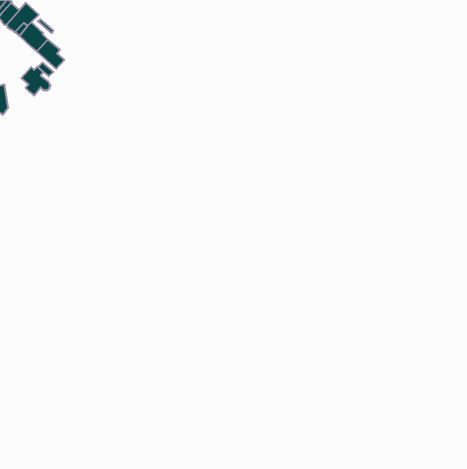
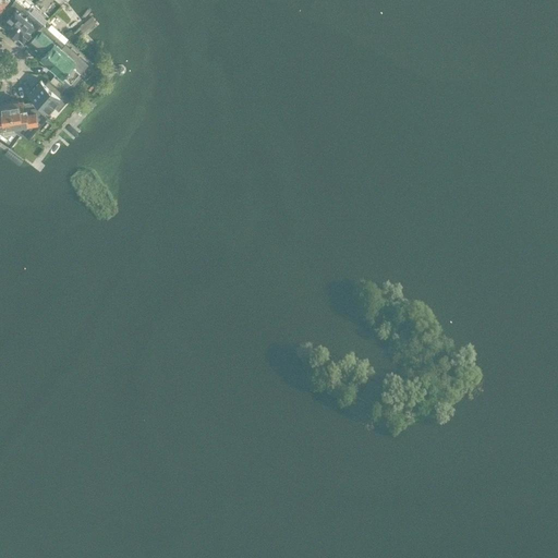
building: none -> [5,100,35,133]

